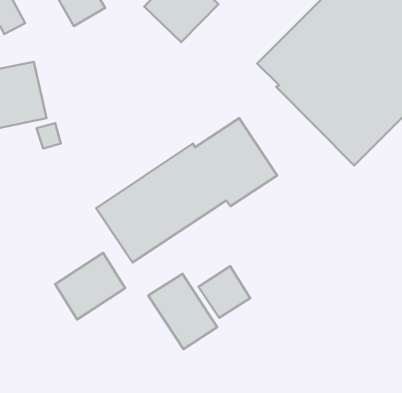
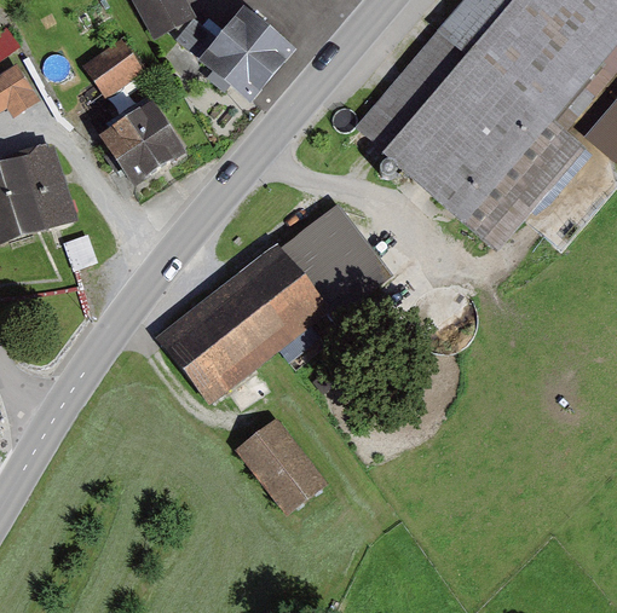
building: none -> [100,102,188,189]
building: [55,253,125,319] -> none
building: [199,266,250,318] -> none

